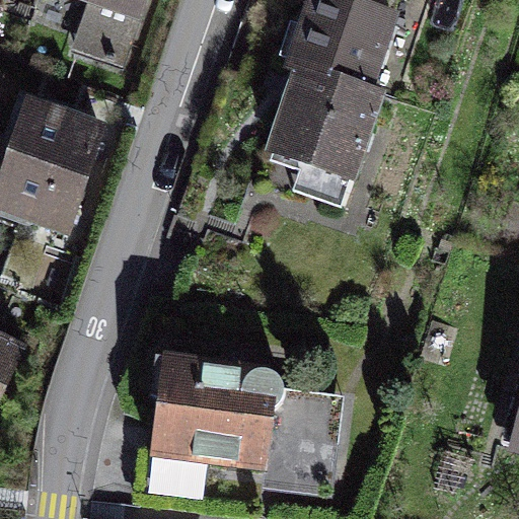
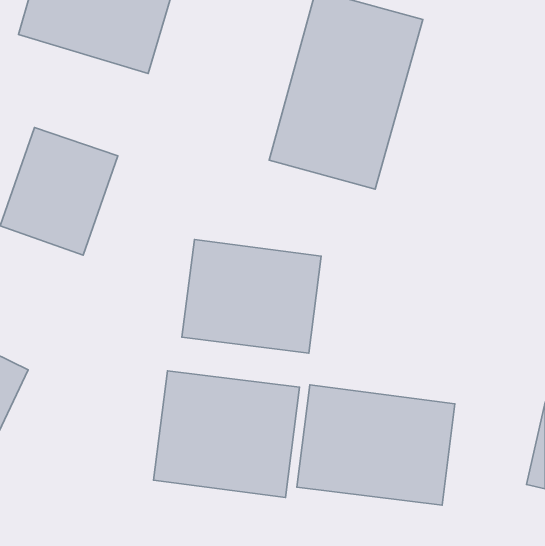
building: none -> [182,239,321,353]
building: none -> [297,385,455,505]

